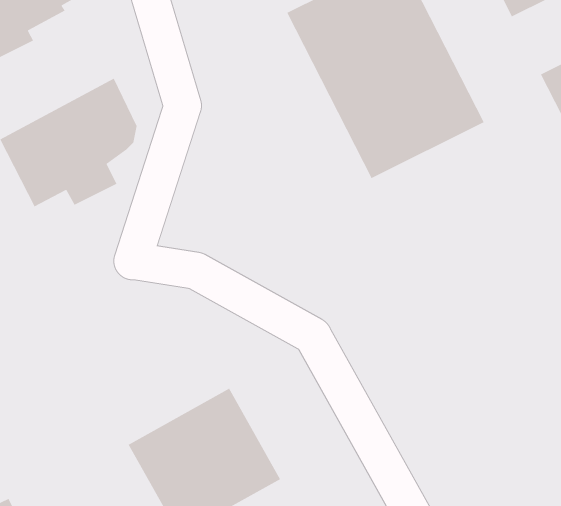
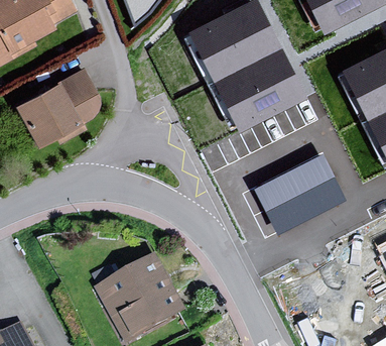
building: none -> [254,152,345,232]

